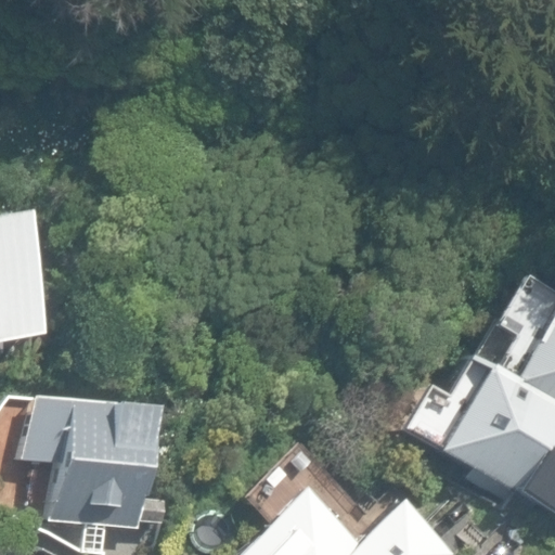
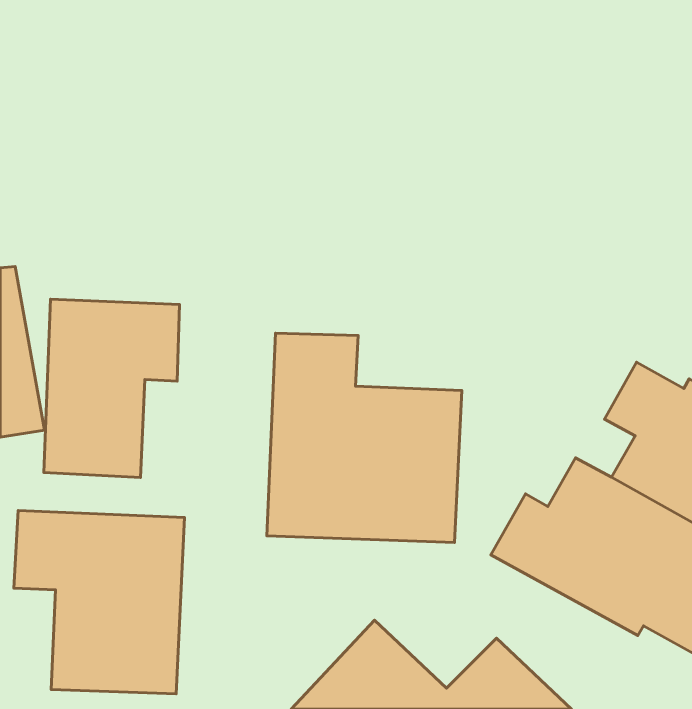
building: none -> [44,299,179,478]
building: none -> [267,333,462,542]

